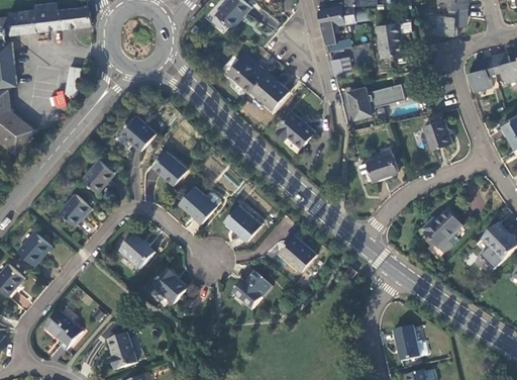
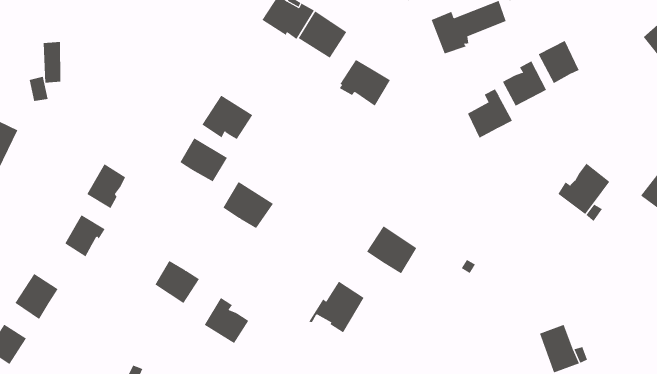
building: [117,116,156,151] -> [201,95,253,140]
building: none -> [502,60,547,106]
building: [224,205,262,242] -> none

